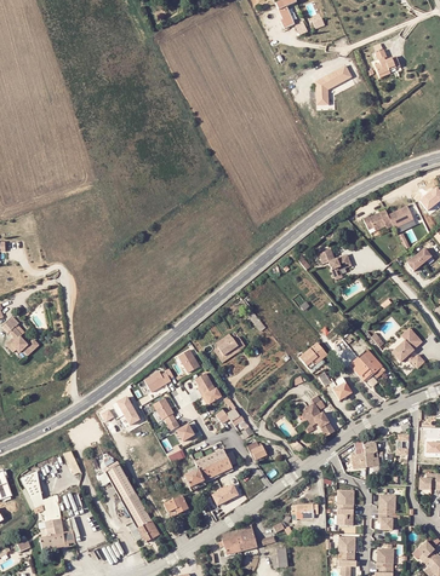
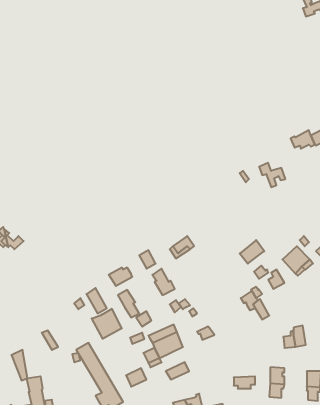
building: [315,67,353,106] -> none
building: none -> [92,309,122,339]

